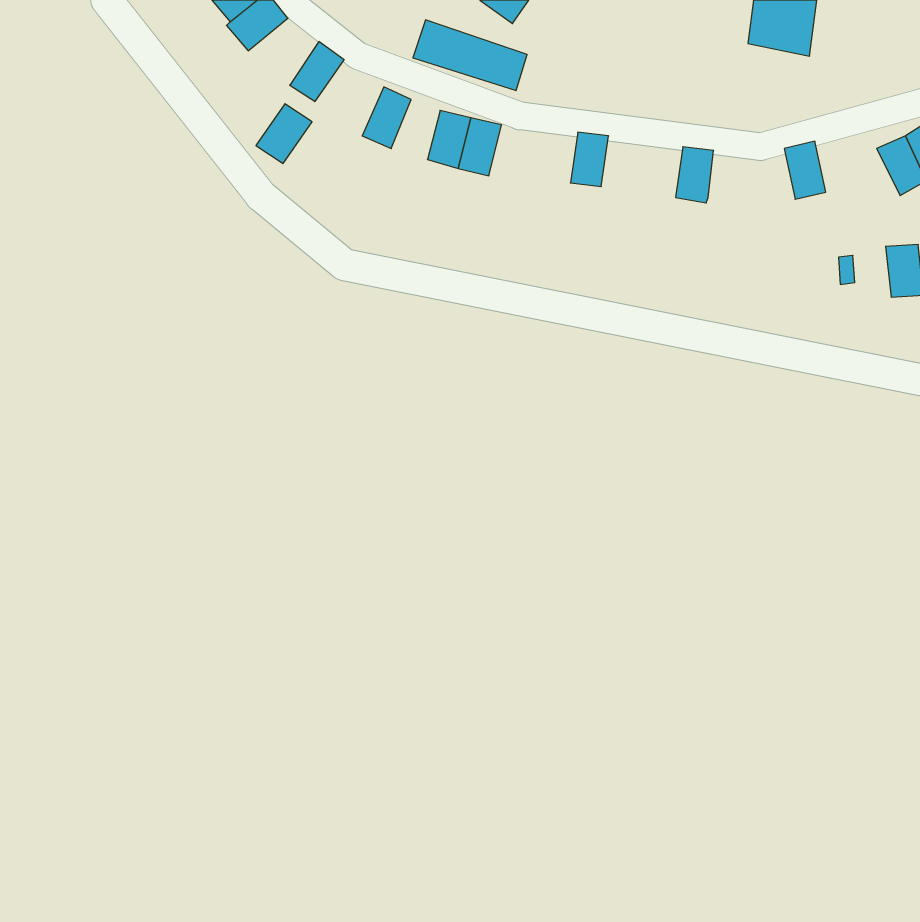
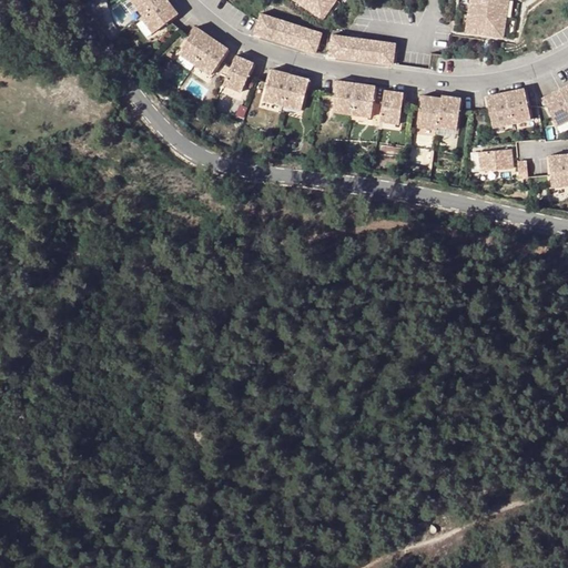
building: none -> [327,36,400,69]
building: [256,104,312,164] -> [196,39,231,75]
building: none -> [334,80,357,114]
building: none -> [503,85,528,120]
building: none -> [381,87,404,121]
building: none -> [437,92,459,126]
building: none -> [478,146,511,169]

